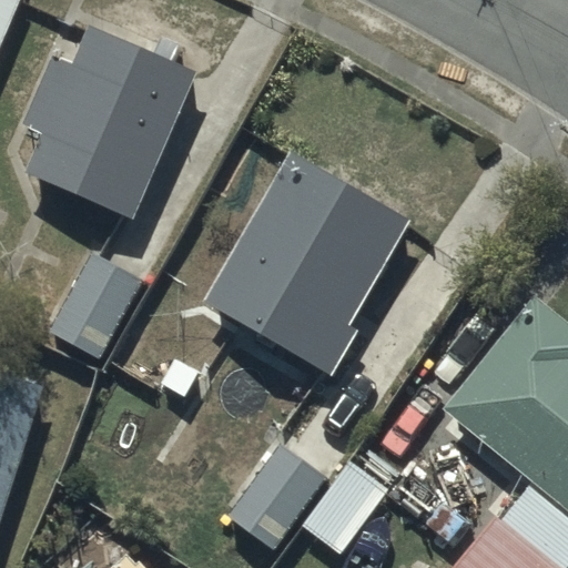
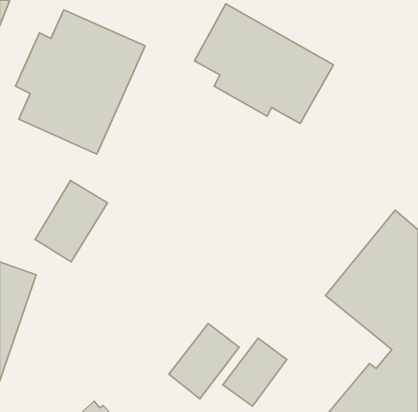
building: none -> [194,4,333,123]
building: [205,150,410,374] -> none

